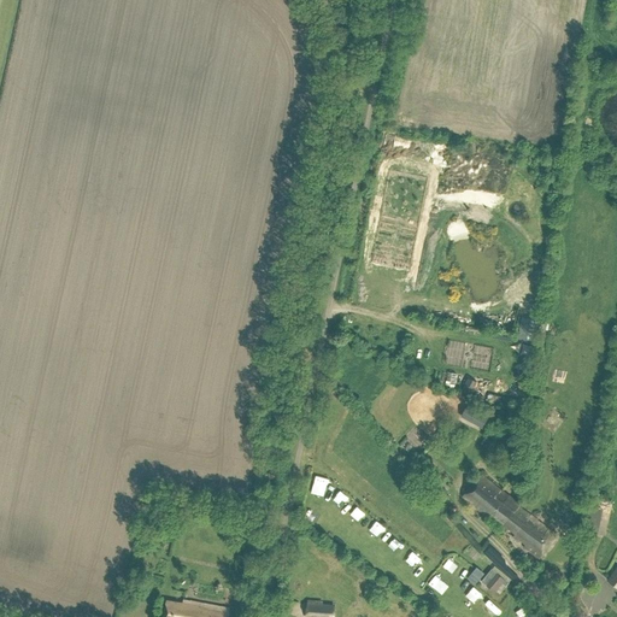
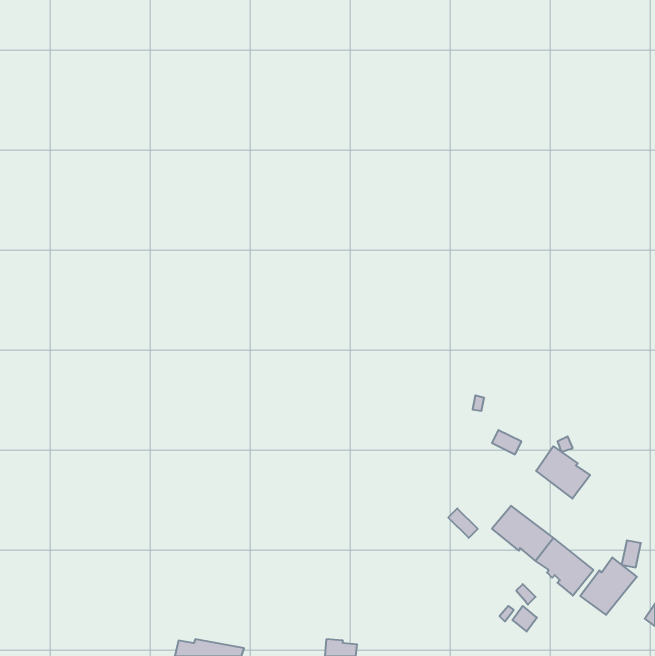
building: none -> [536,446,590,499]
building: none -> [580,557,637,615]

